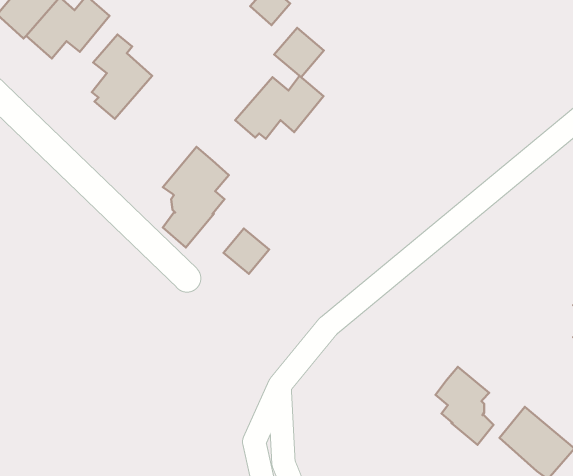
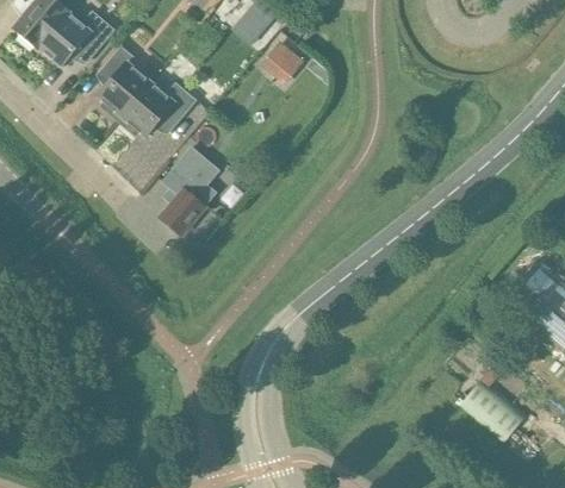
building: [235,76,323,139] -> [118,81,197,137]
building: [224,228,269,274] -> none
building: [435,367,494,445] -> none

